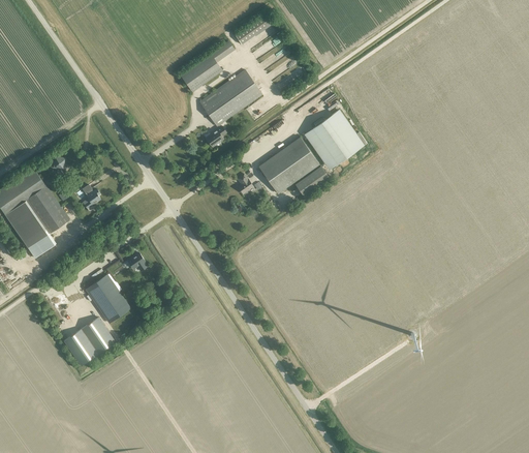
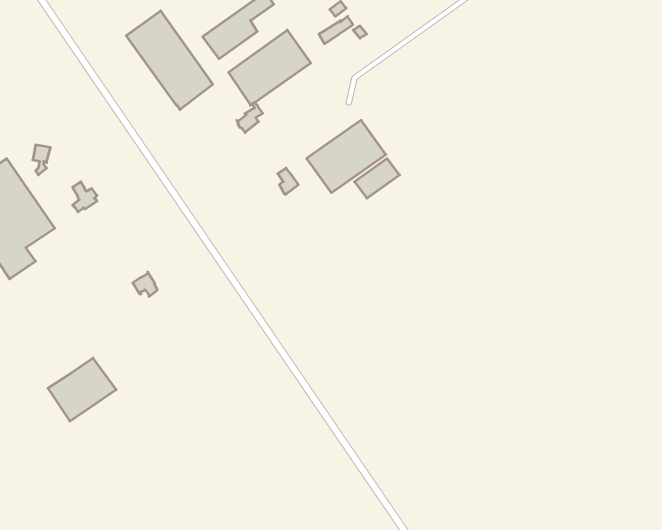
building: none -> [126,11,213,110]
building: [312,110,363,163] -> none
building: [86,274,129,322] -> none

